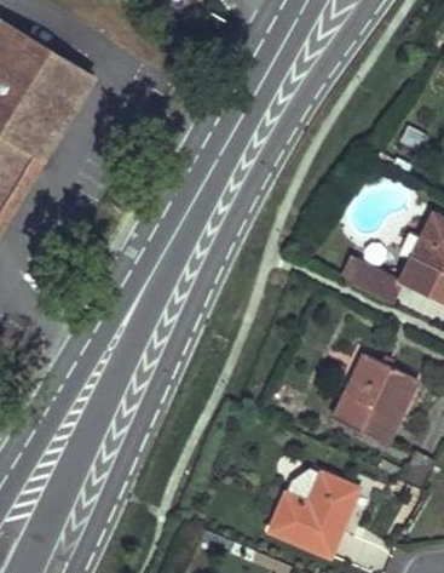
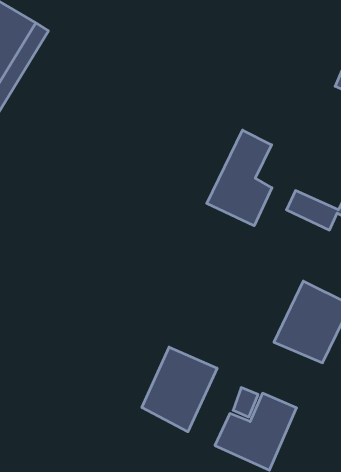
building: none -> [207,130,272,226]
building: none -> [142,347,217,432]

